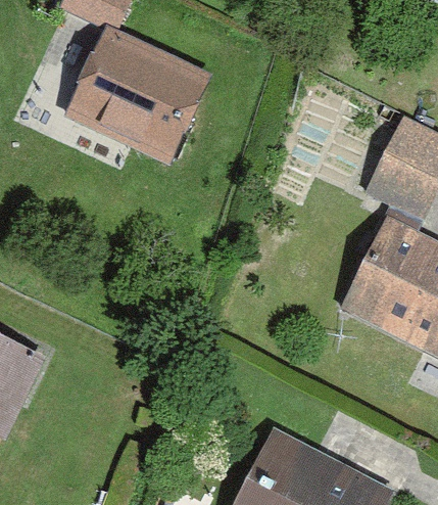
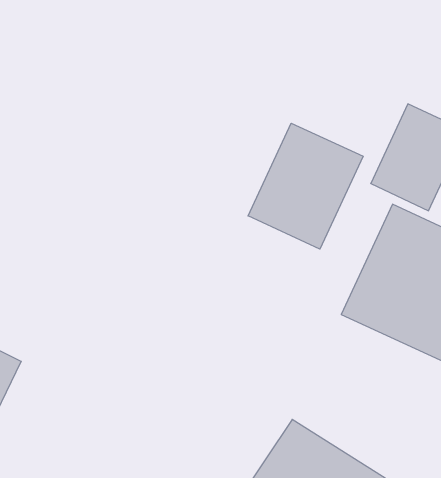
building: [72,33,199,153] -> none
building: none -> [248,123,363,249]

